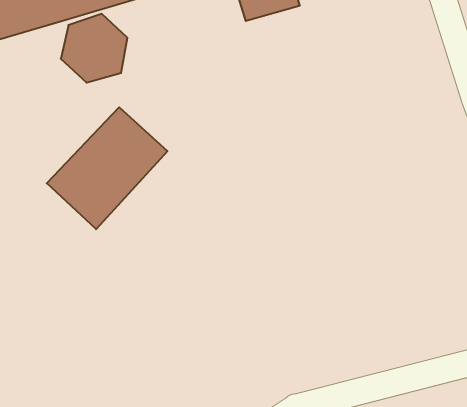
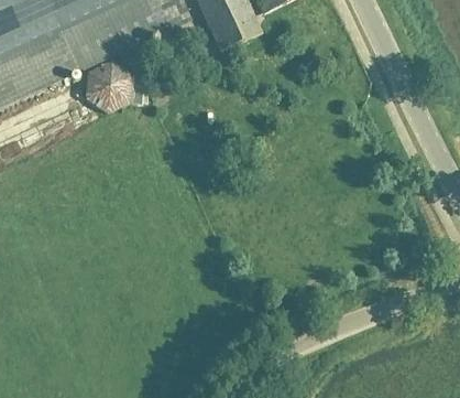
building: [47,107,167,229] -> none

